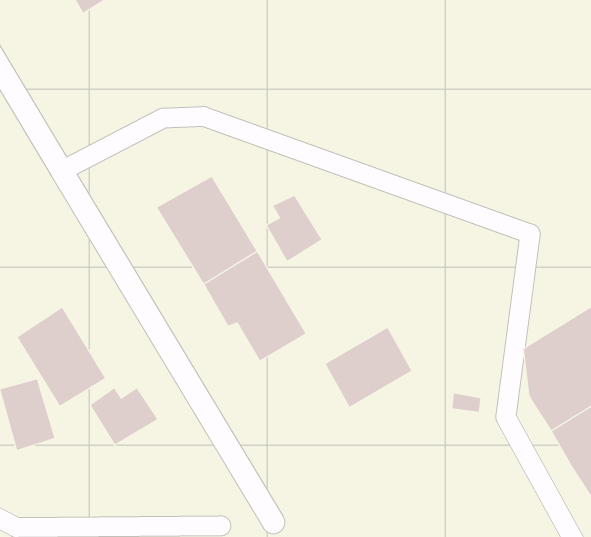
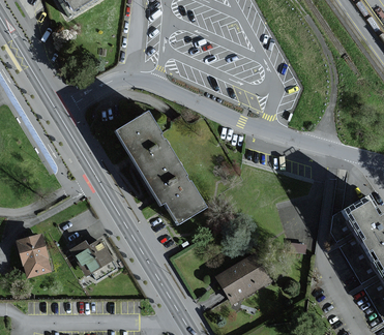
building: [266,195,322,262] -> none
building: [17,307,106,406] -> none
building: [325,327,412,408] -> [215,256,267,304]

